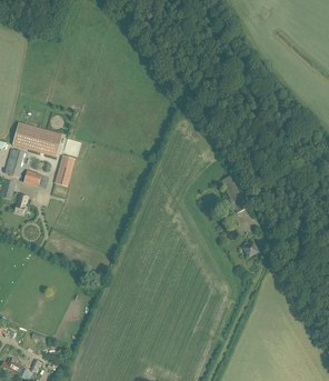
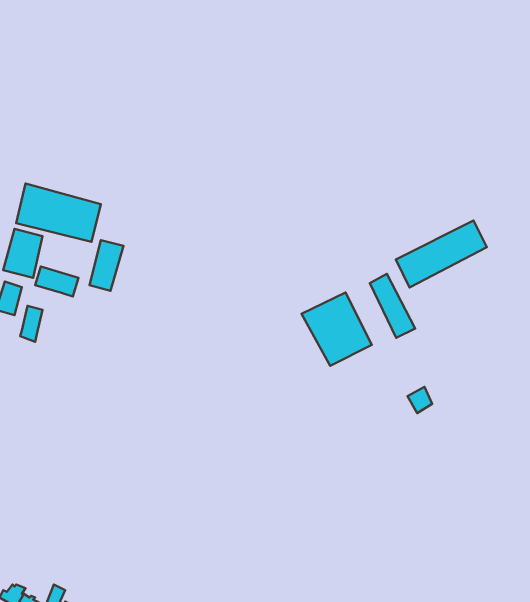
building: none -> [396,221,487,287]
building: none -> [302,292,372,366]

